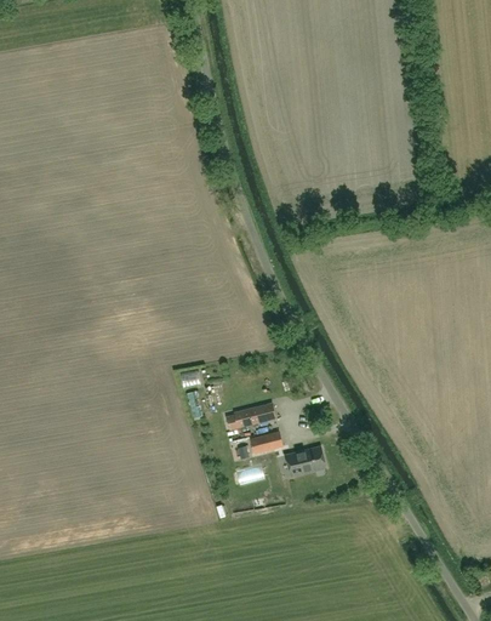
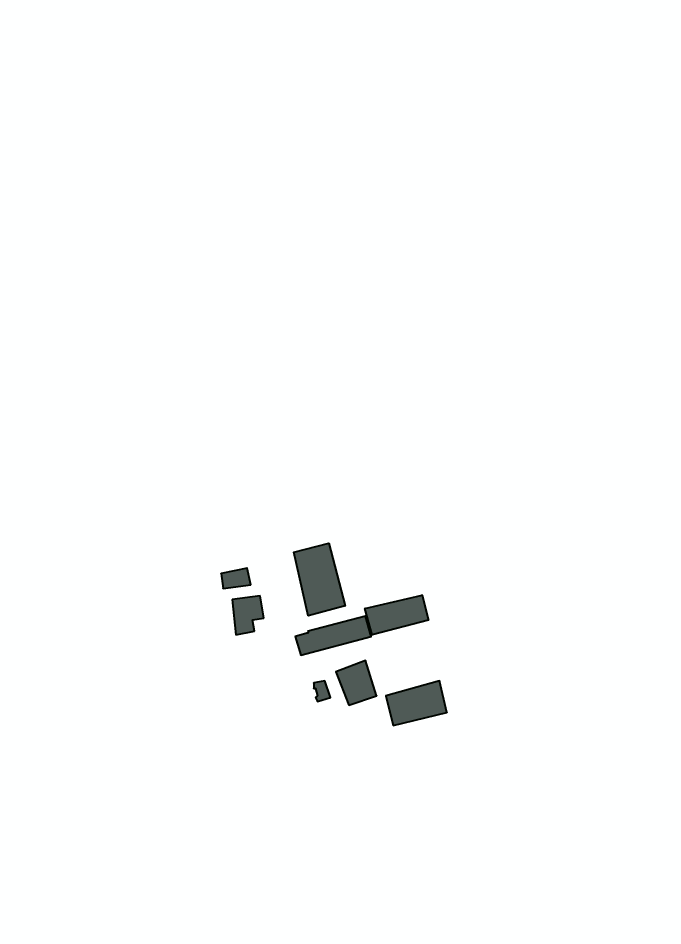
building: none -> [294,543,345,616]
building: none -> [365,595,428,635]

